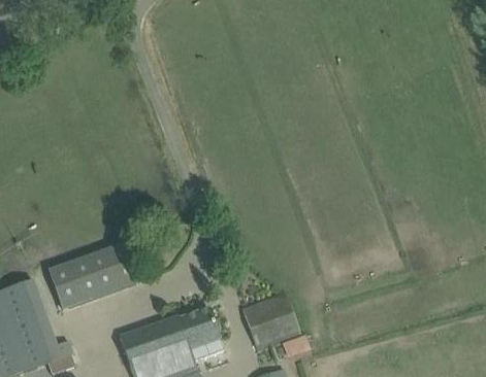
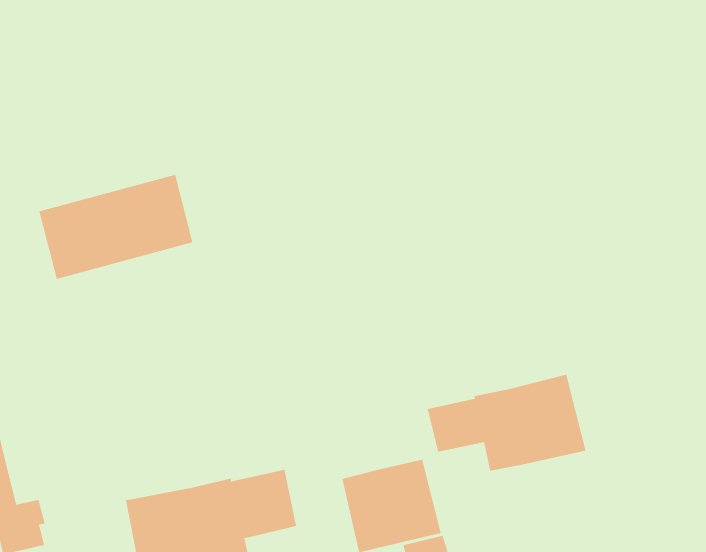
building: none -> [427,374,586,472]
building: [48,242,139,310] -> [39,174,193,280]

